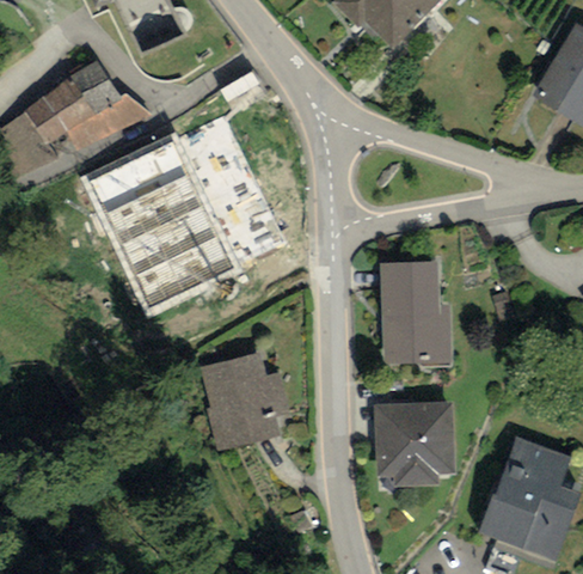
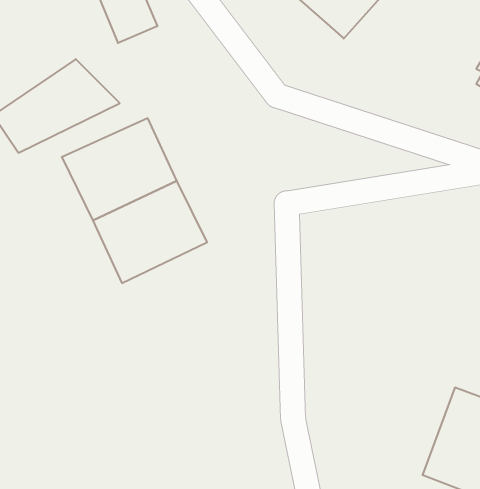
building: [379,257,450,361] -> none
building: [198,350,288,450] -> none
building: [374,398,453,482] -> none

